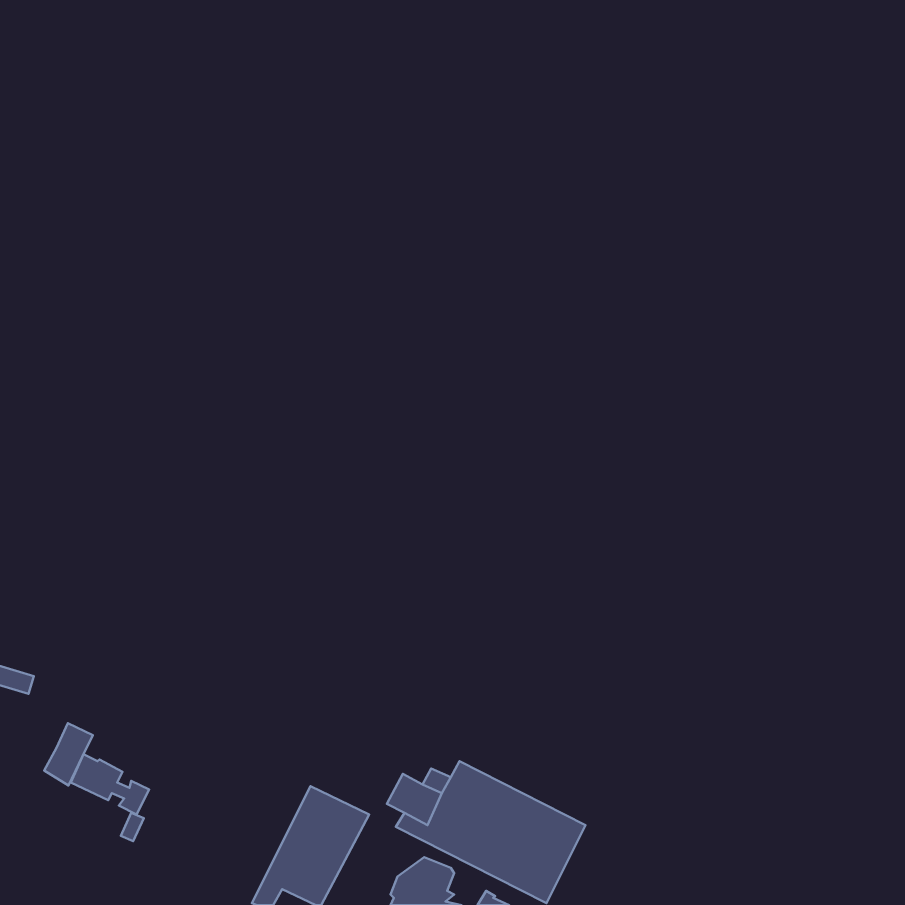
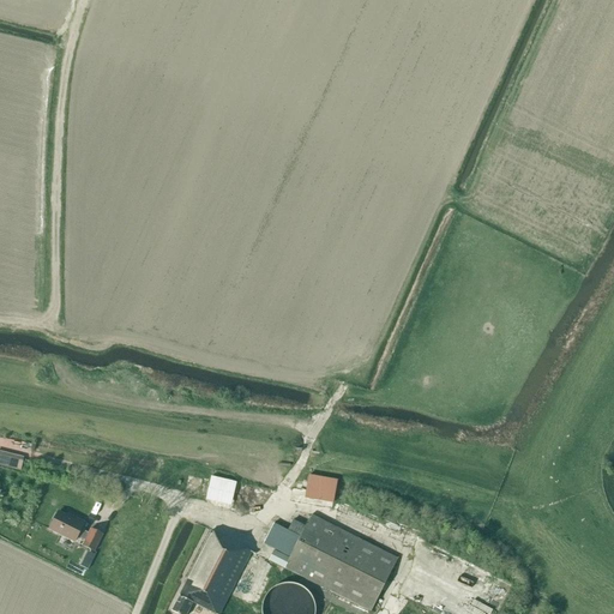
building: none -> [307,474,338,501]
building: none -> [206,475,239,504]
building: [44,723,93,785] -> none

